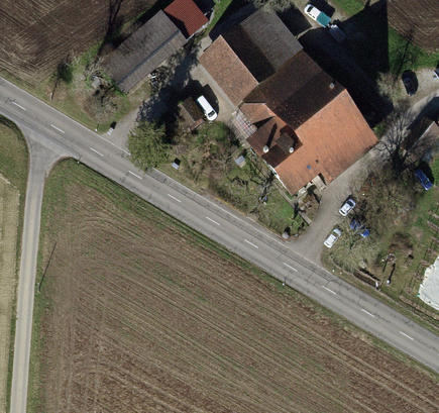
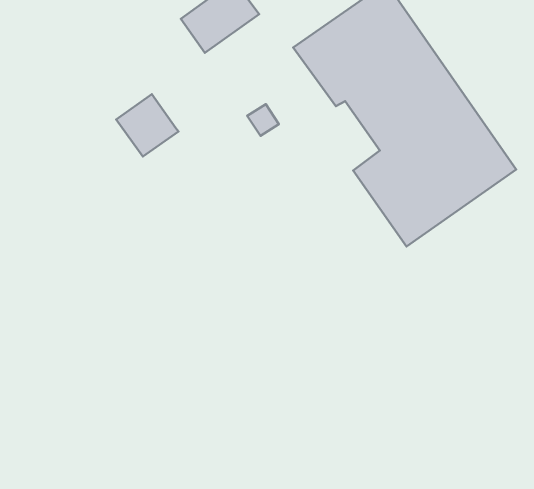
building: [105,45,148,89] -> [116,94,179,157]

